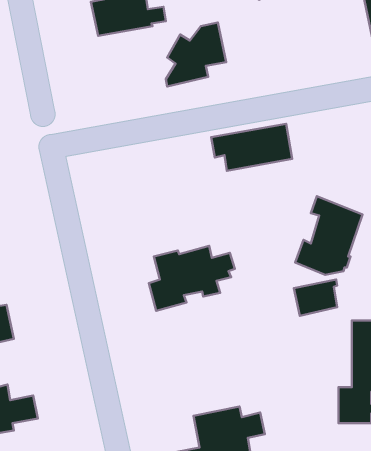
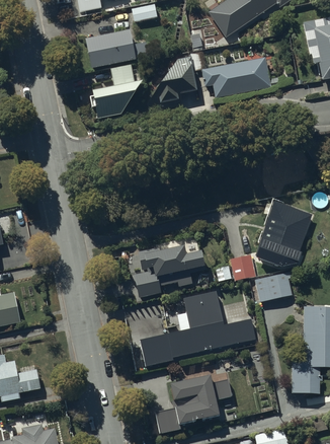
building: none -> [93,64,142,118]
building: [211,124,292,171] -> [202,57,270,96]
building: none -> [230,253,256,280]
building: none -> [140,292,255,367]

